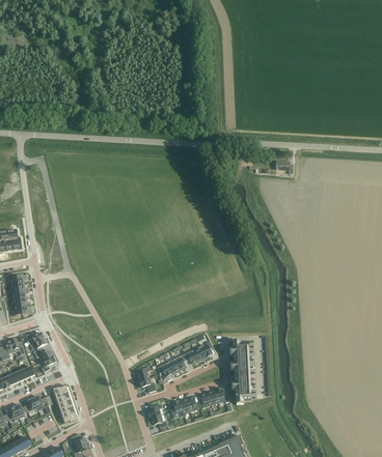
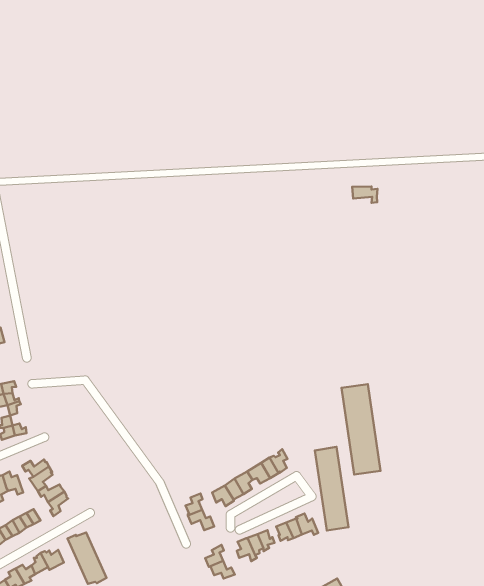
building: none -> [341,384,381,474]

